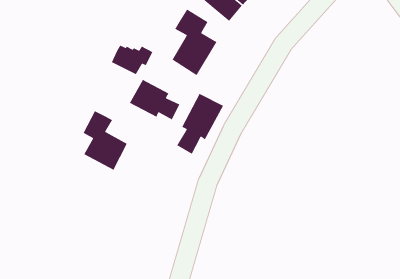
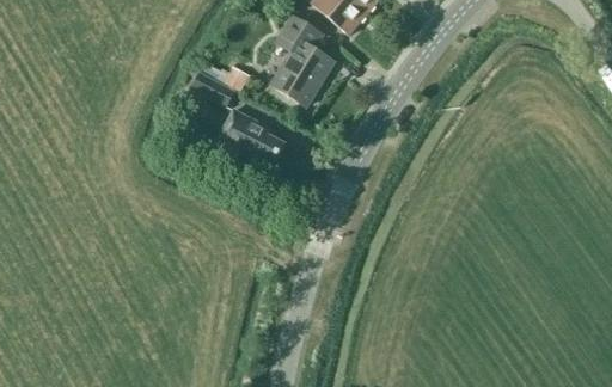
building: [176,93,224,155] -> none
building: [83,110,128,171] -> none

